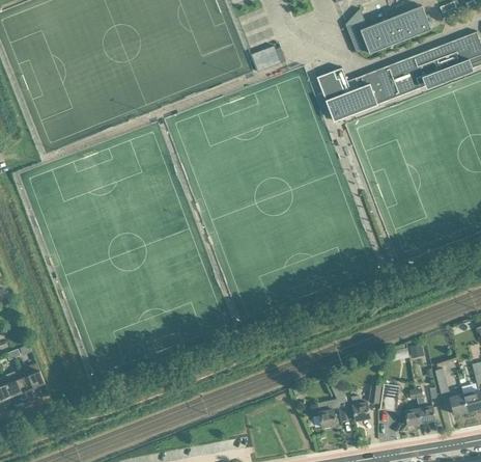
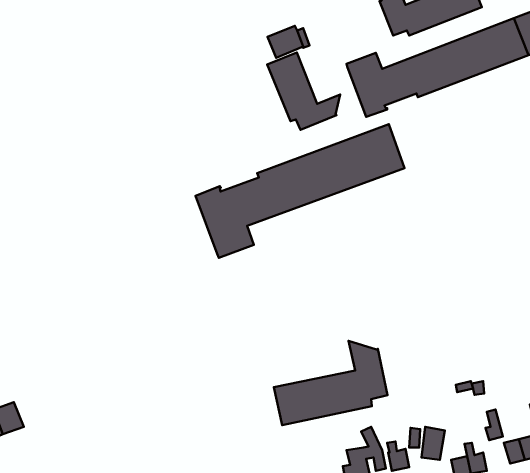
building: none -> [267,53,340,130]
building: none -> [195,124,404,258]
building: none -> [274,341,388,425]

